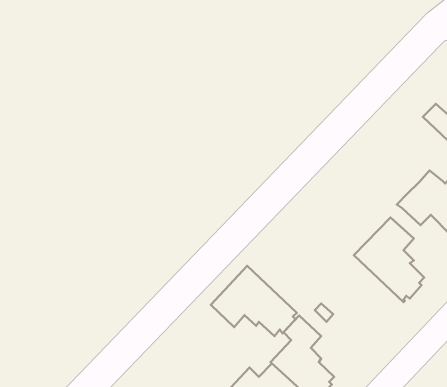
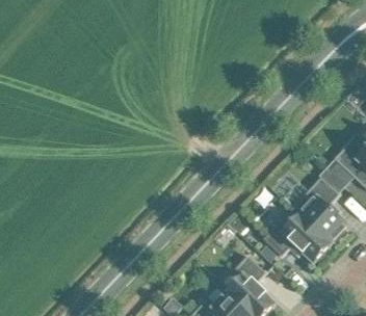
building: [211,266,297,336] -> [262,207,331,263]

